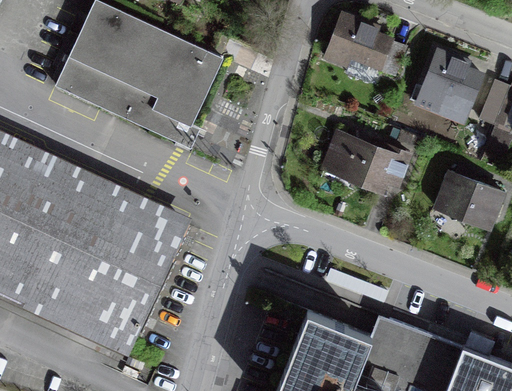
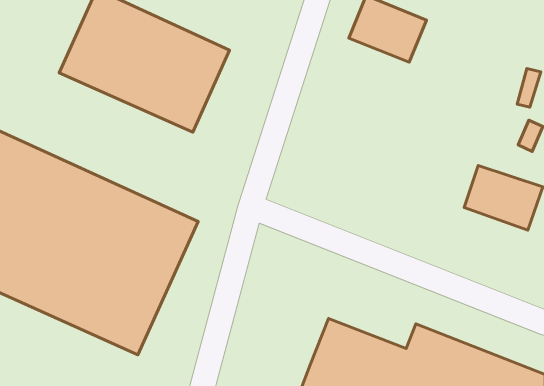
building: [412,48,485,116] -> none
building: [321,131,412,201] -> none

